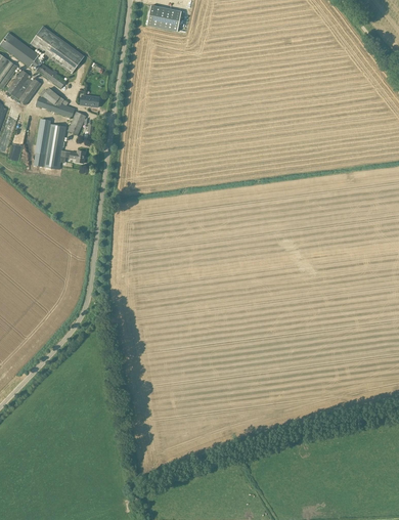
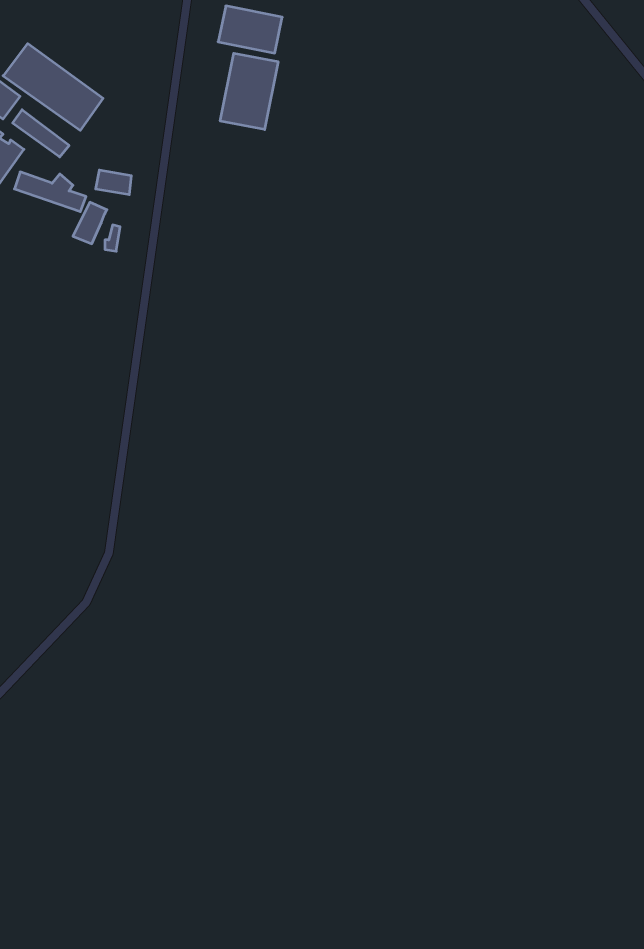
building: none -> [220,53,278,130]
building: [34,118,86,168] -> none

